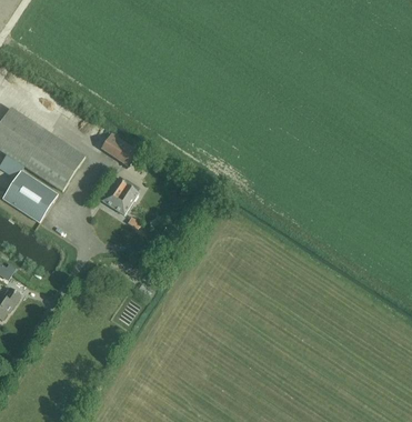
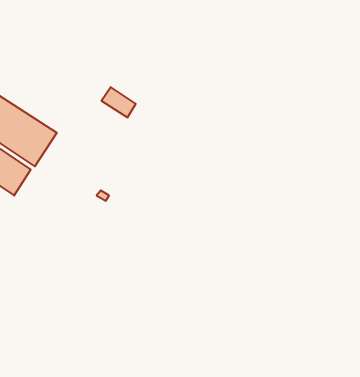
building: [100,133,137,165] -> [101,87,136,117]
building: [101,178,138,213] -> none

